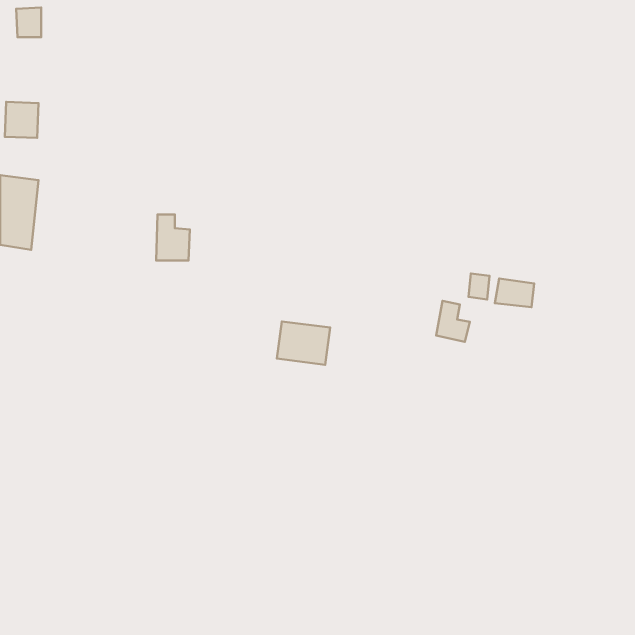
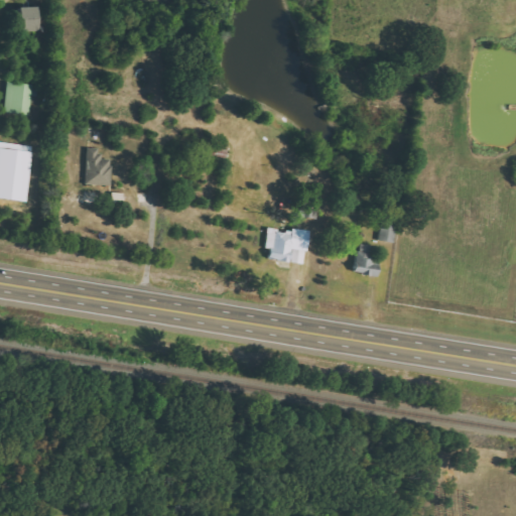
building: [156,215,190,260] -> [86,148,113,185]
building: [495,279,534,307] -> none
building: [277,321,330,365] -> [265,228,308,263]

